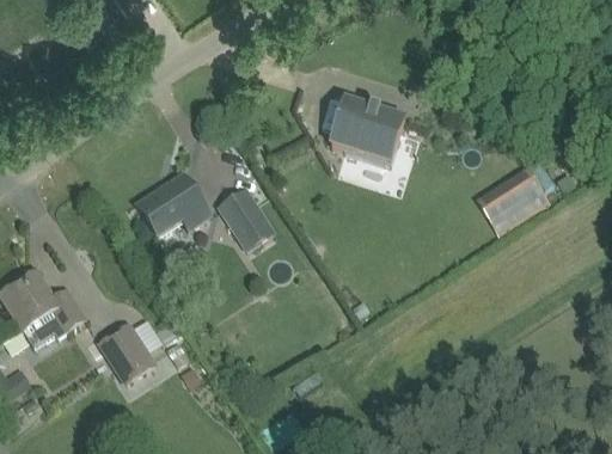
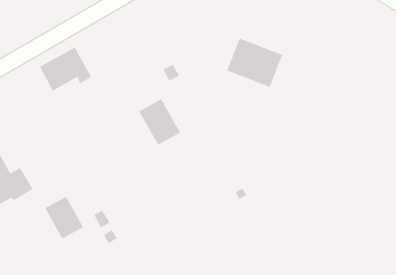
building: [472,166,546,234] -> none
building: [136,176,208,238] -> [39,46,92,92]

